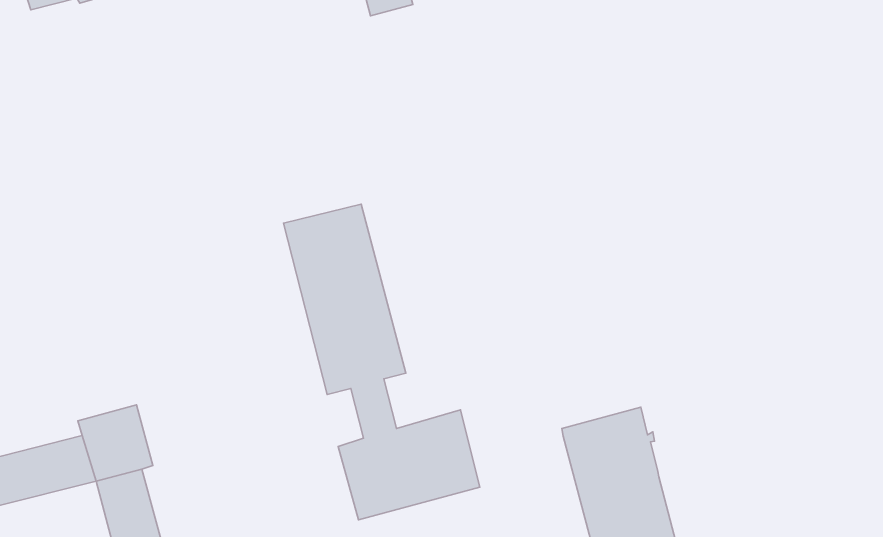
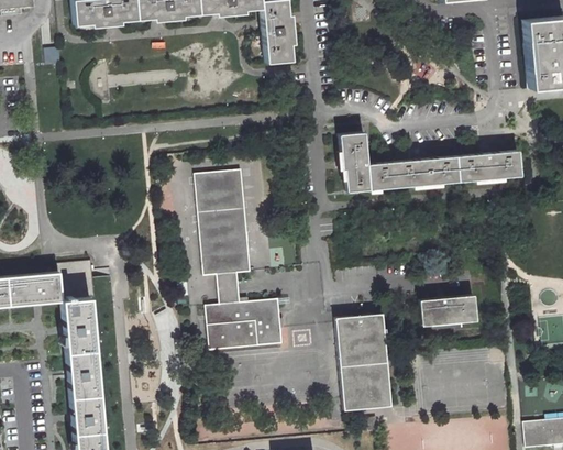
building: none -> [340,132,522,194]
building: none -> [420,297,476,328]

